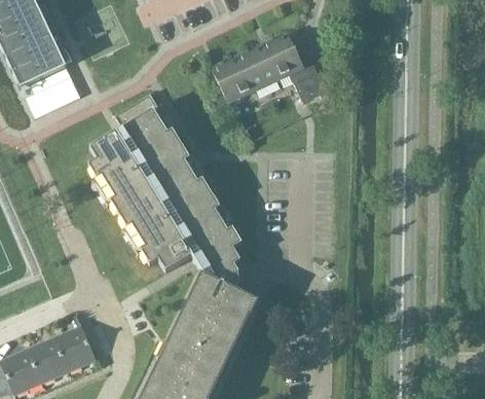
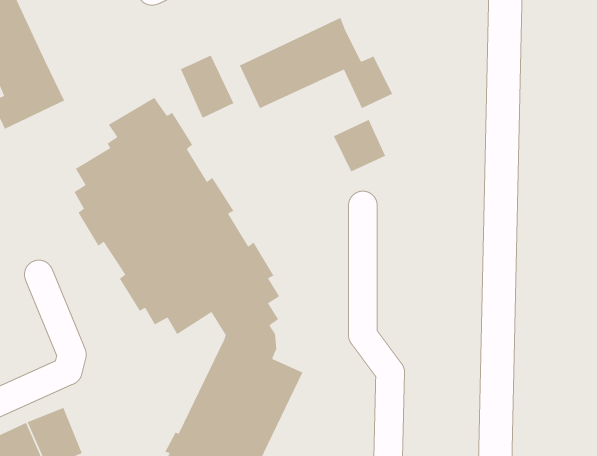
building: none -> [180,55,234,119]
building: none -> [333,119,386,172]

